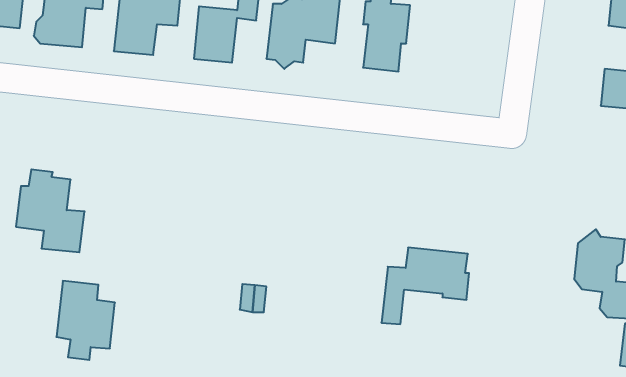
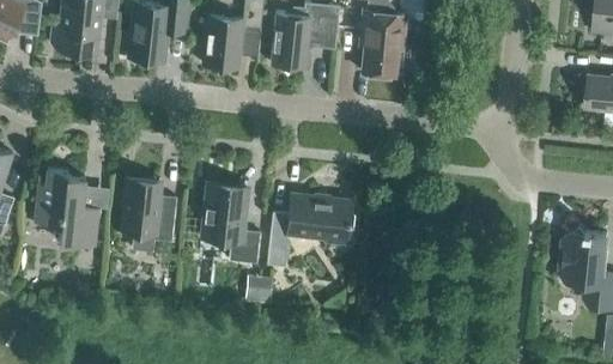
building: none -> [202,186,260,263]
building: [381,248,469,324] -> [267,194,350,266]
building: [56,281,115,360] -> [122,177,177,251]

